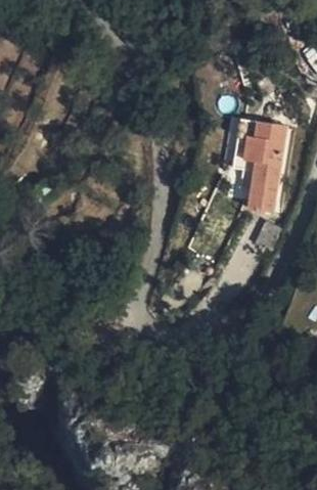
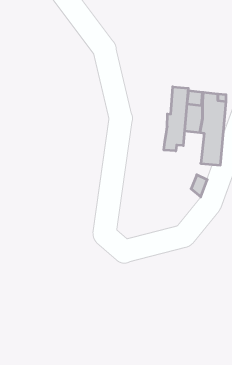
building: none -> [164,87,188,151]

